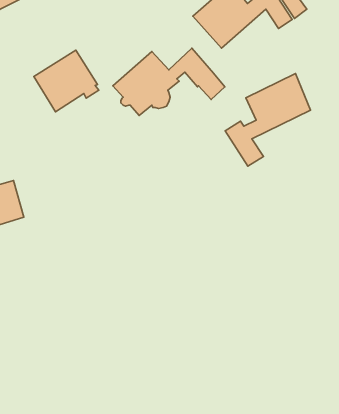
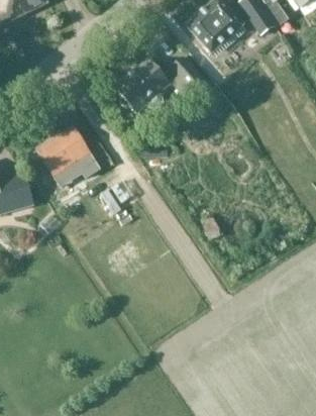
building: [34,50,99,112] -> [35,123,93,178]
building: [225,74,310,166] -> none

